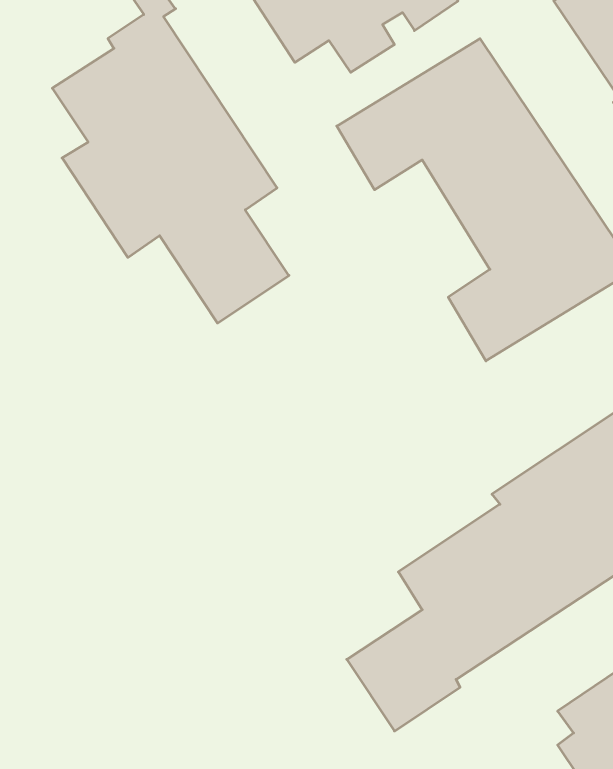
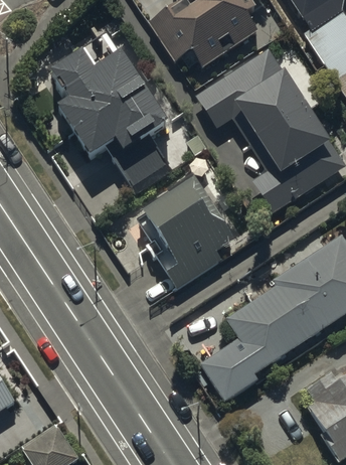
building: none -> [134,177,234,289]

